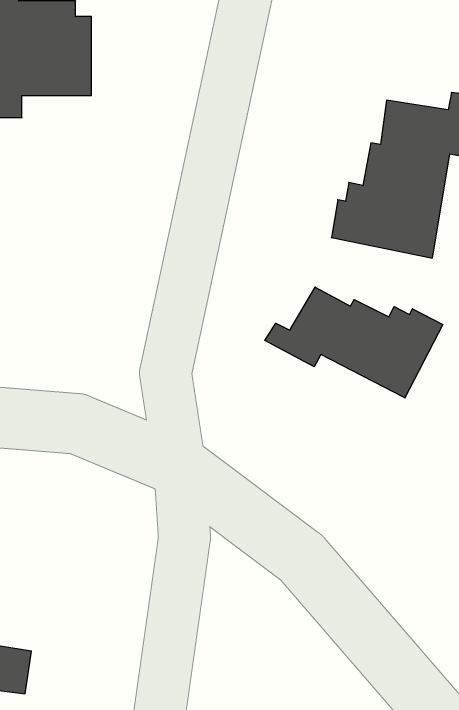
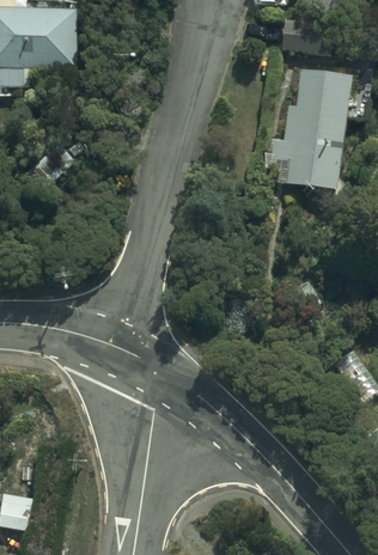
building: [265,287,443,398] -> none

